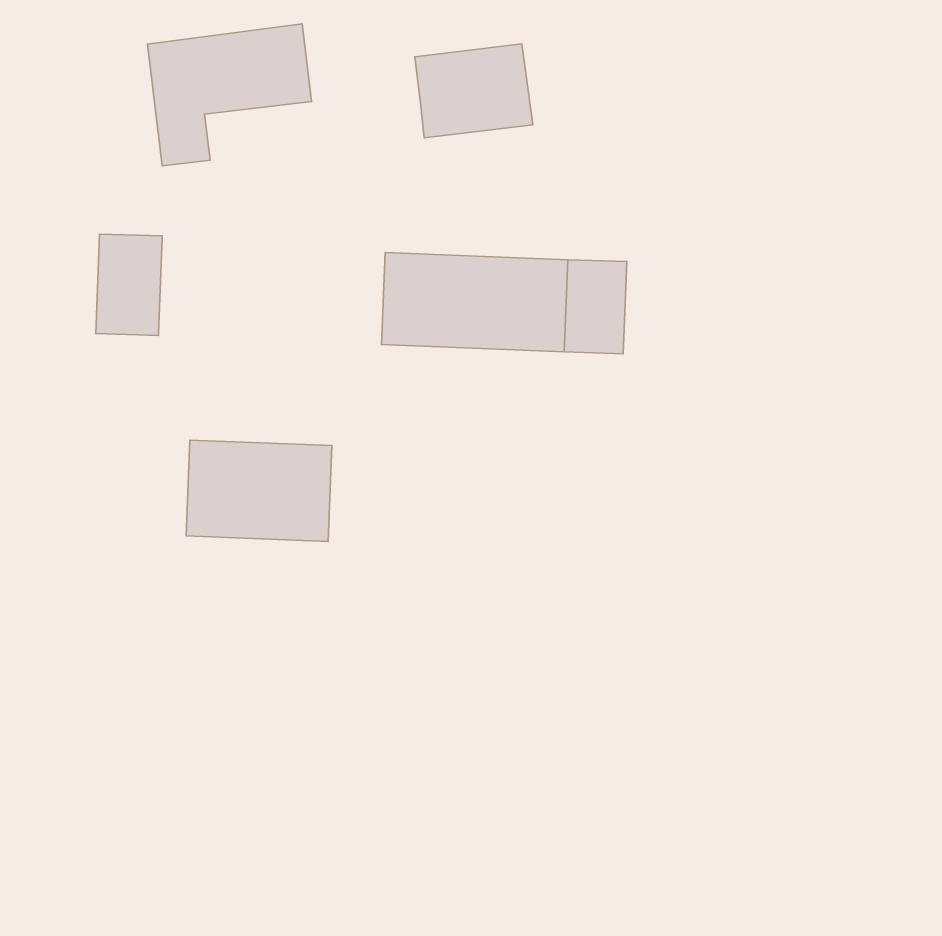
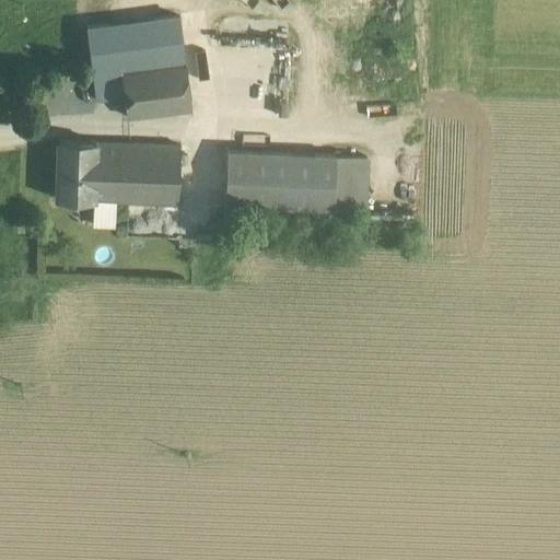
building: [415,44,533,138] -> [121,63,191,119]
building: [186,440,332,541] -> [94,144,180,205]

